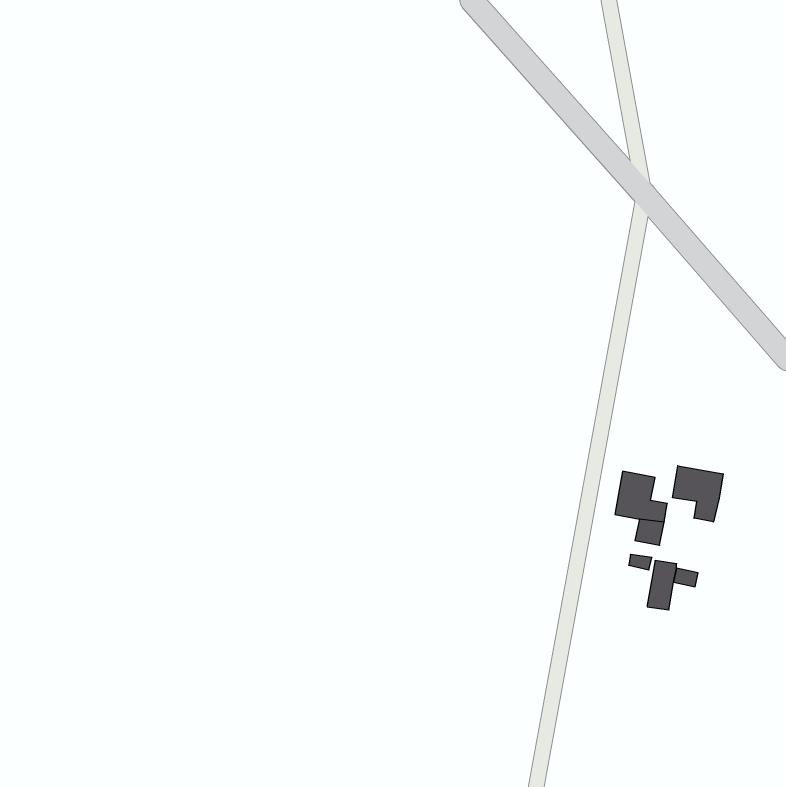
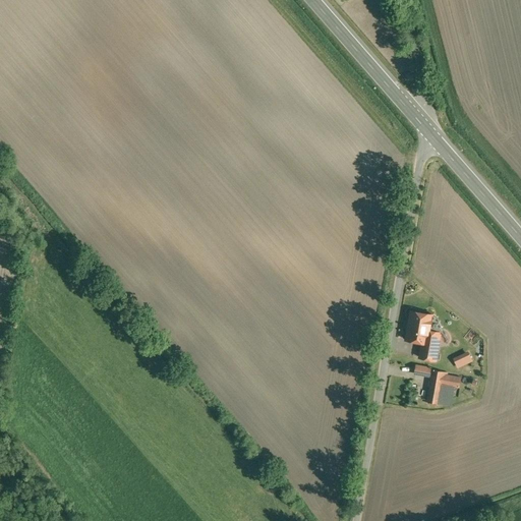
building: [673,466,723,522] -> none

